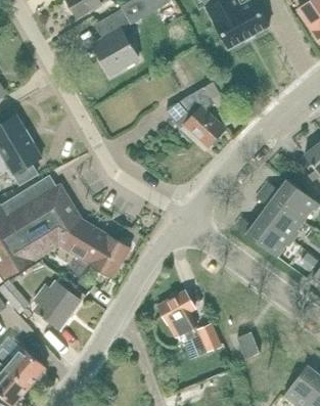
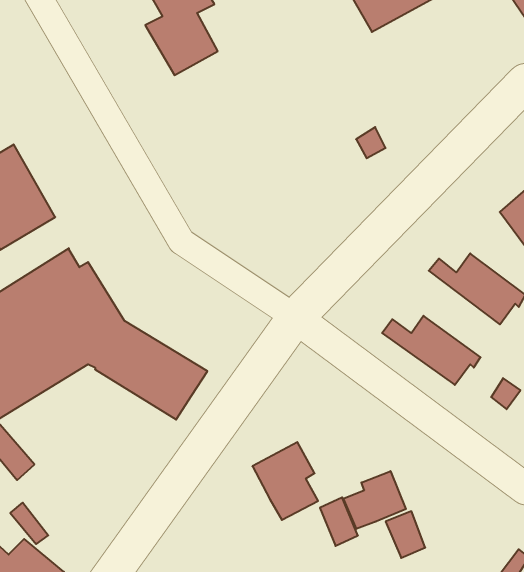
building: [166,85,225,146] -> none
building: [256,189,304,240] -> none
building: [34,281,80,328] -> none
building: none -> [344,471,406,529]

